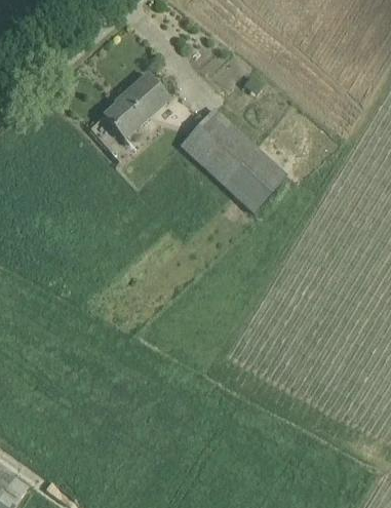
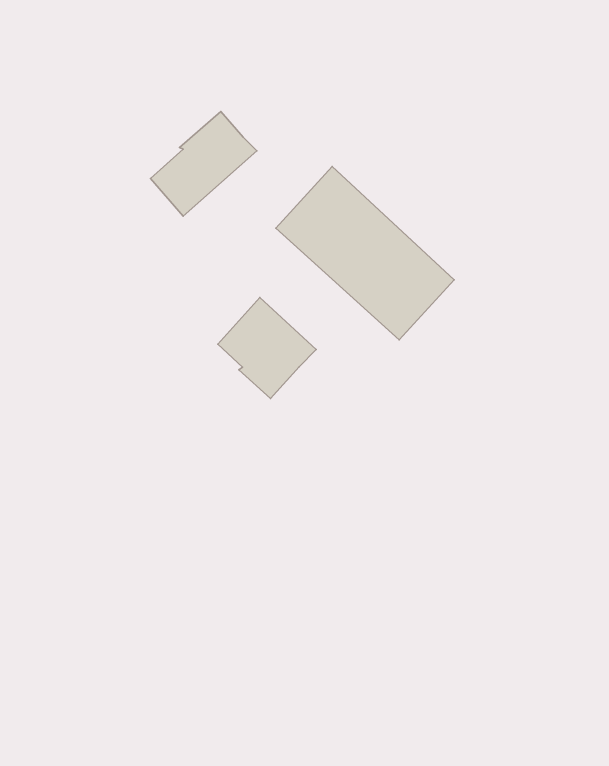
building: none -> [218,298,316,398]

